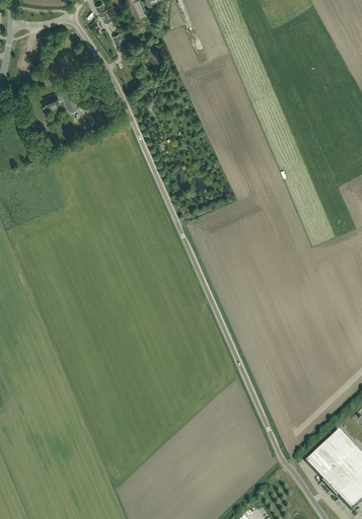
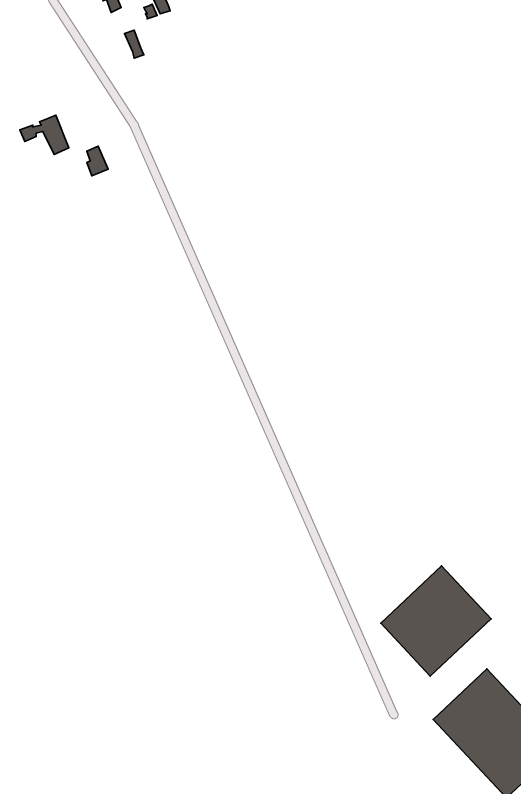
building: none -> [381,566,491,676]

